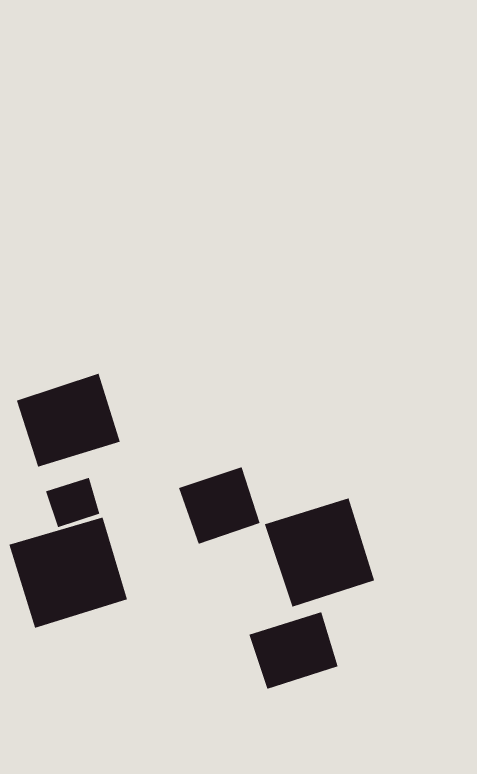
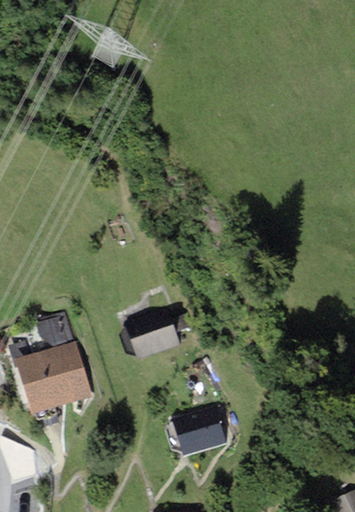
building: [16,373,120,468] -> none
building: [264,497,375,607] -> none

